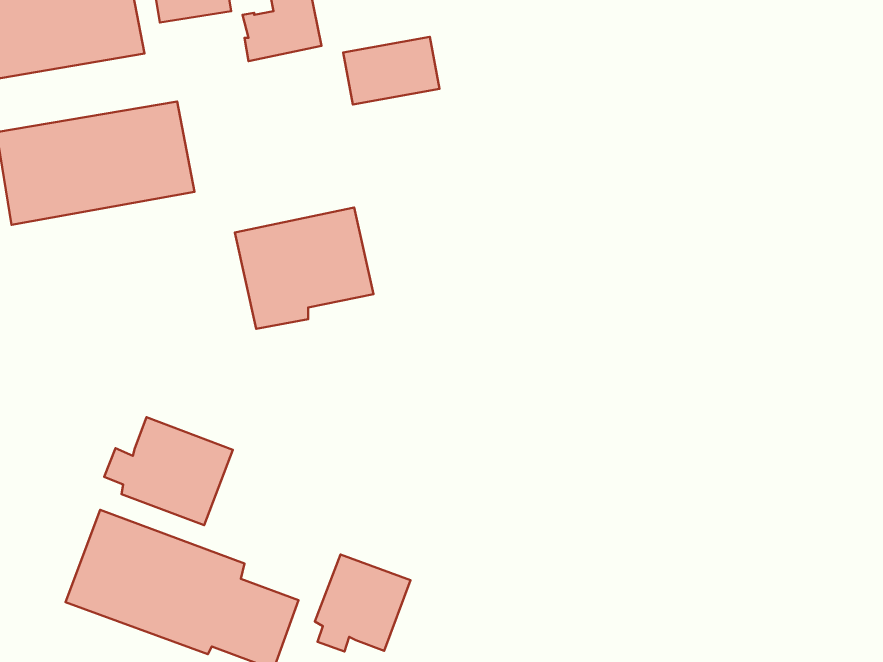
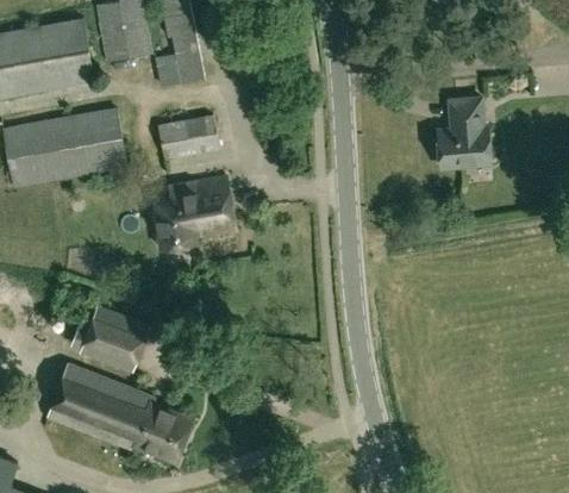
building: [343,37,439,104] -> [158,114,218,156]
building: none -> [437,93,492,168]
building: [315,554,411,652] -> none

